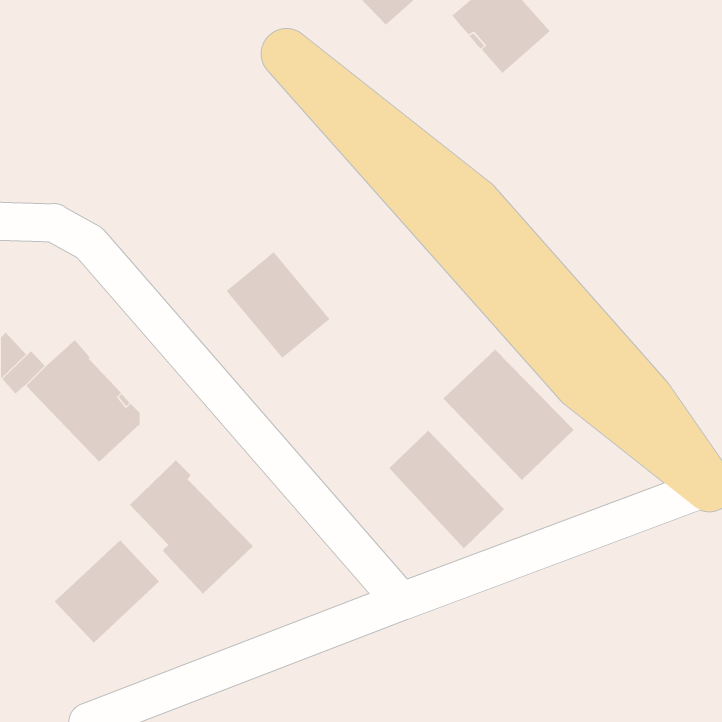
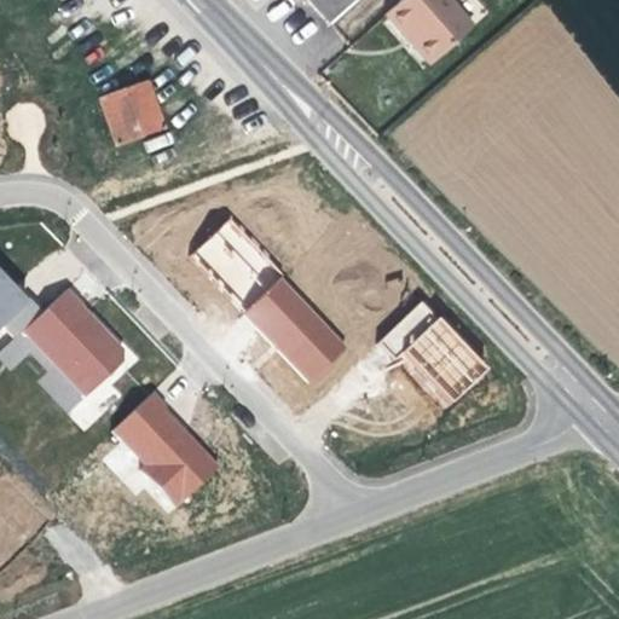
building: none -> [100,80,164,144]
building: [389,430,505,549] -> [245,279,345,381]
building: [54,539,160,644] -> none

